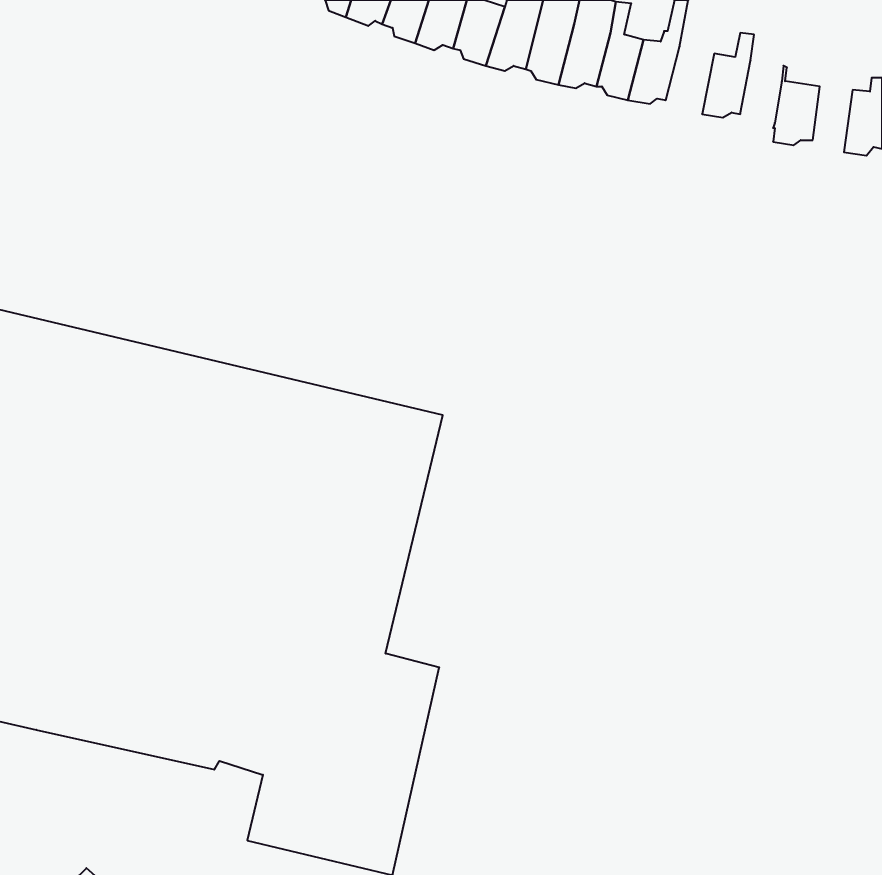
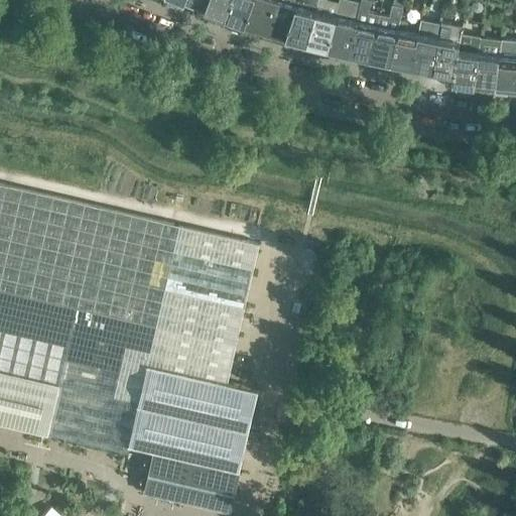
building: none -> [431,19,457,80]
building: none -> [388,24,416,72]
building: none -> [474,38,497,94]

